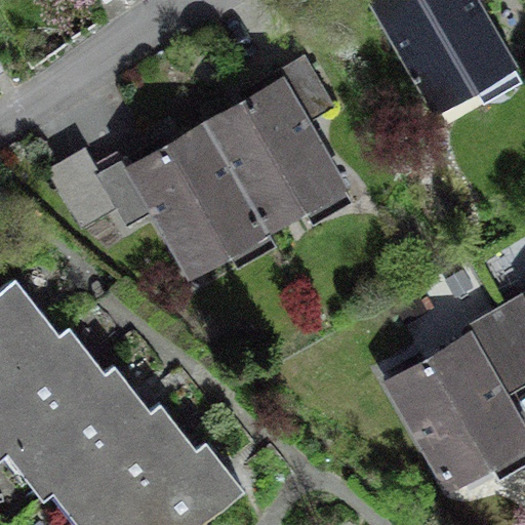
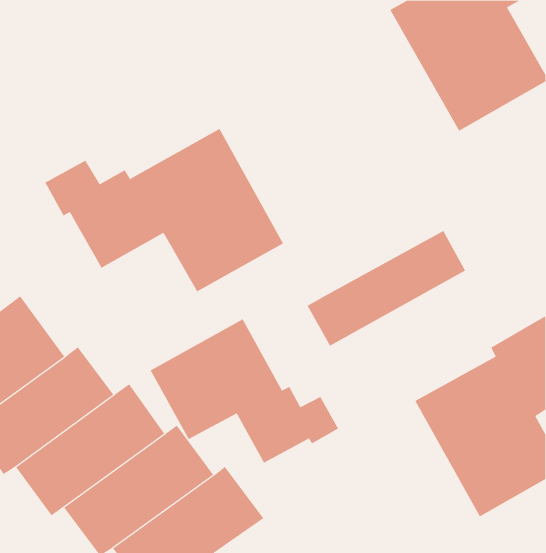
building: [207,57,347,232] -> none
building: none -> [307,230,466,347]
building: none -> [150,319,339,464]

